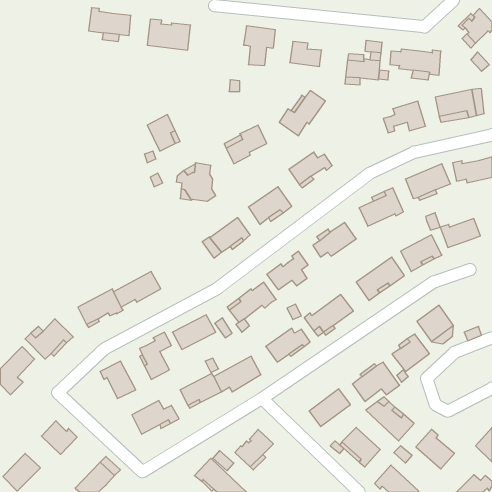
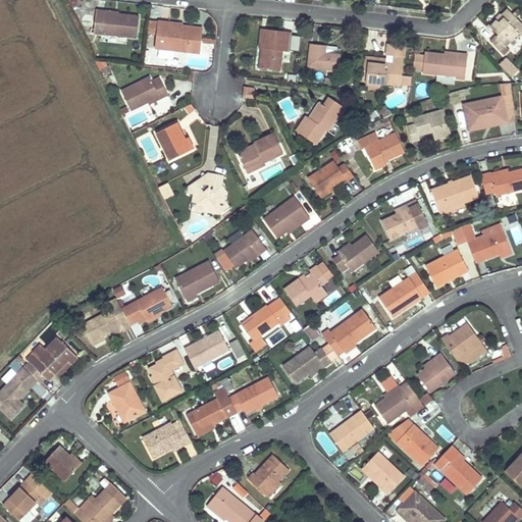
building: none -> [122,76,168,110]
building: none -> [356,132,402,169]
building: none -> [174,260,219,298]

